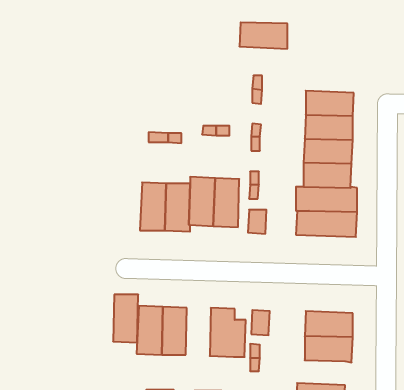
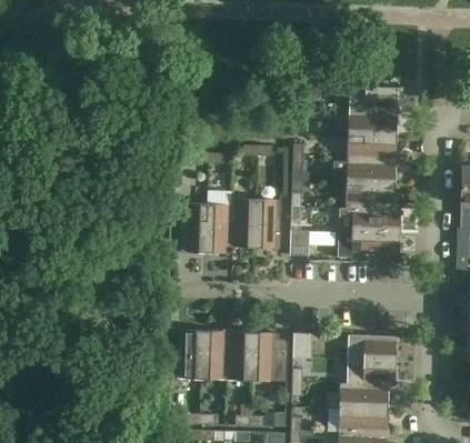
building: [239,22,287,49] -> [349,85,398,112]
building: [113,295,138,343] -> [227,331,252,380]
building: none -> [340,383,389,410]

